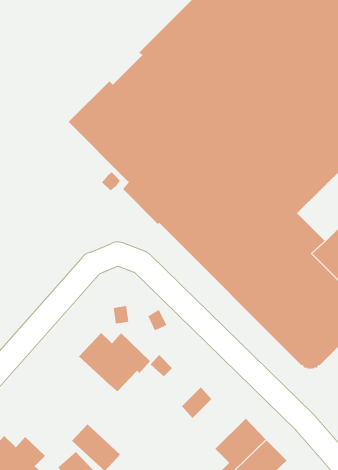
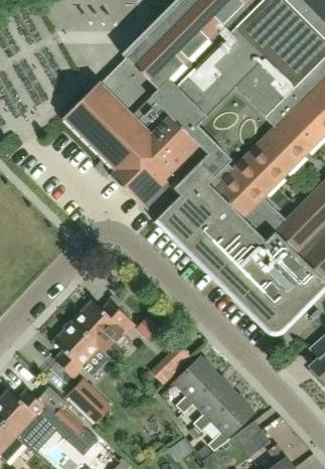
building: none -> [53,321,99,376]
building: none -> [173,356,218,413]

